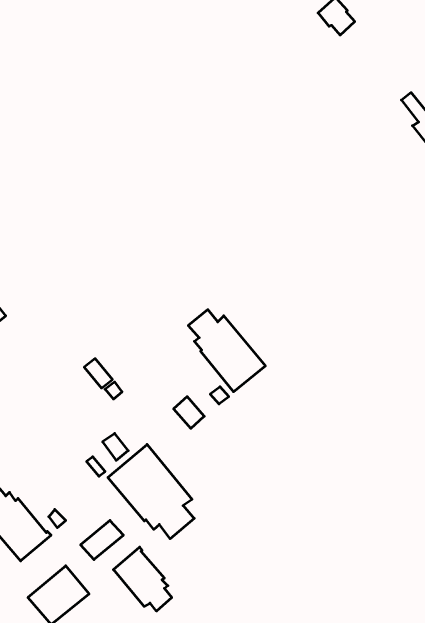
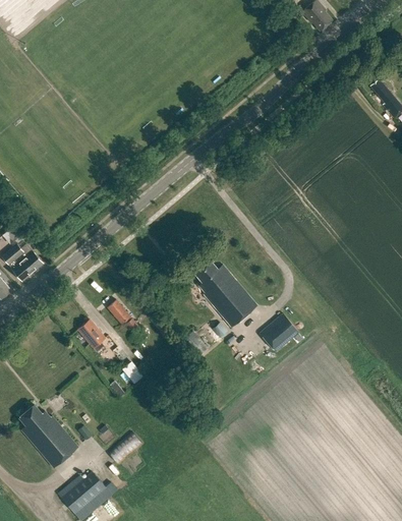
building: none -> [260,312,298,351]
building: none -> [77,321,105,353]
building: [108,444,194,539] -> none
building: [113,547,172,611] -> none

